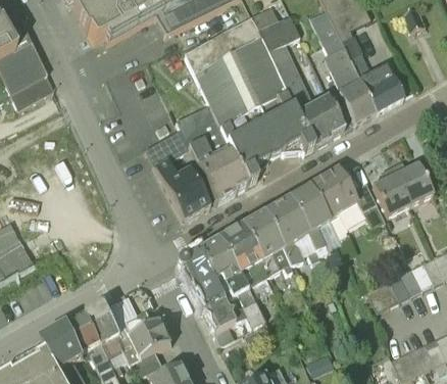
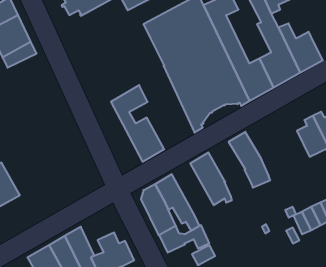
building: [175,104,245,203] -> none
building: [307,167,384,238] -> none
building: [262,196,317,265] -> none
building: [217,224,268,287] -> none

